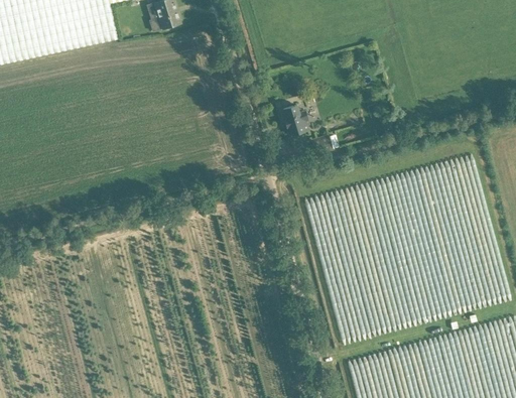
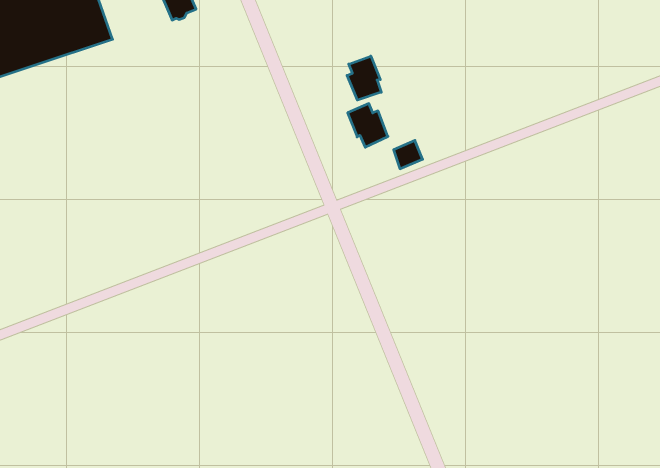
building: none -> [347,56,381,100]

